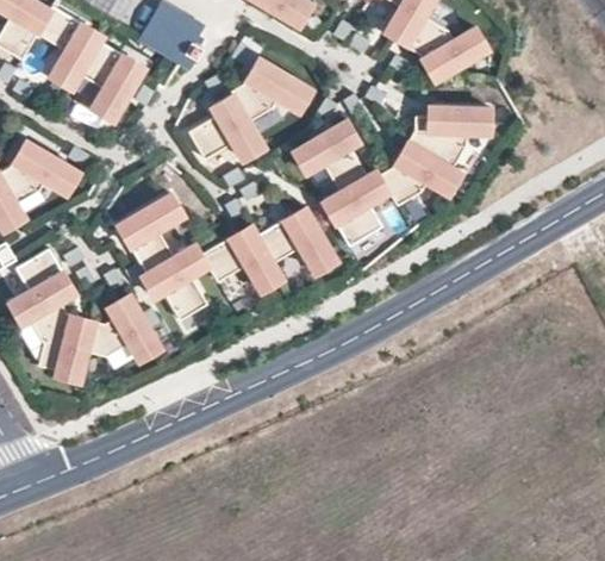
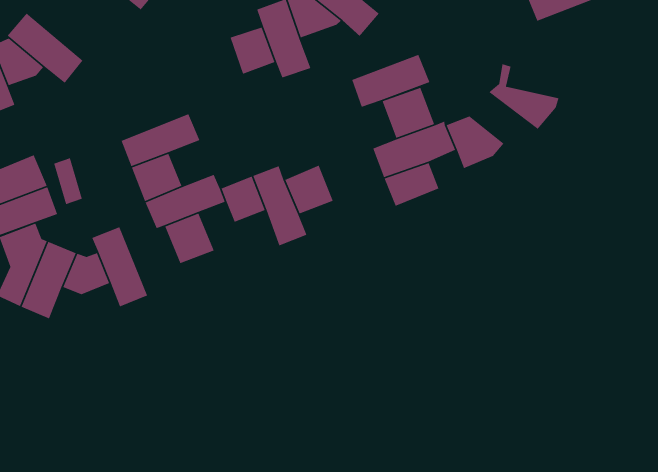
building: [422,104,489,136] -> none
building: [395,141,461,191] -> none
building: [281,208,335,274] -> none

